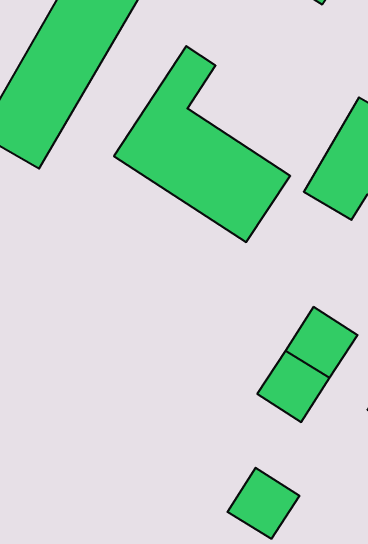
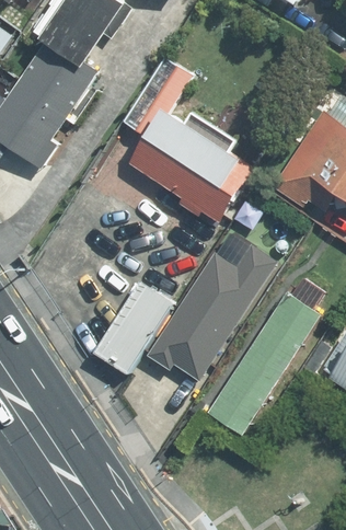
building: none -> [148,233,277,381]
building: none -> [97,285,172,376]
building: [227,468,300,539] -> [206,369,270,433]

